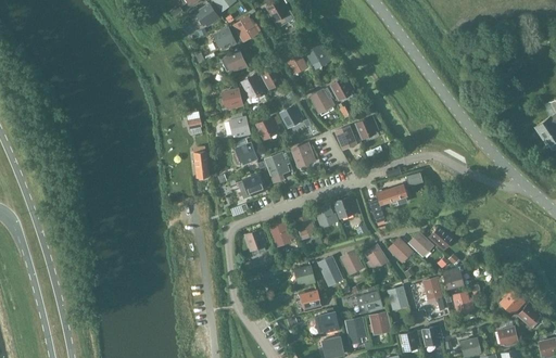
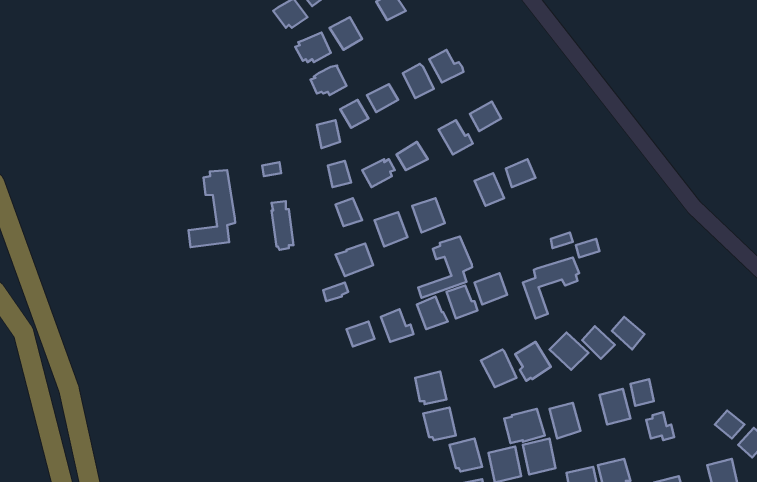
building: none -> [189,170,235,247]
building: none -> [418,236,472,298]
building: [316,255,345,284] -> none

